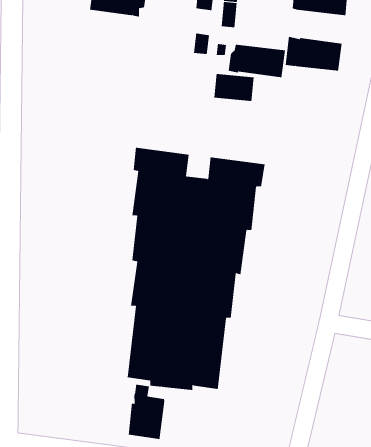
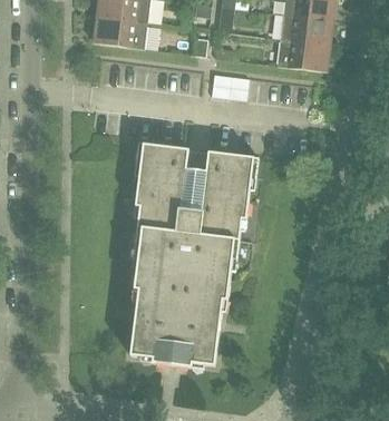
building: none -> [93,16,146,49]
building: [228,44,286,78] -> [280,16,333,47]
building: [128,384,165,440] -> none

